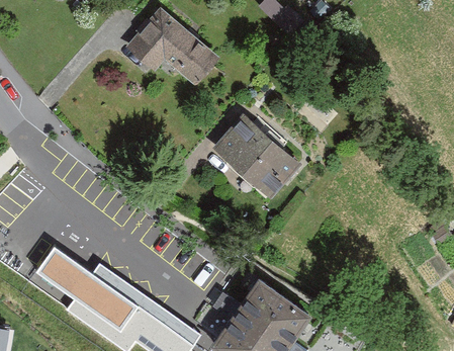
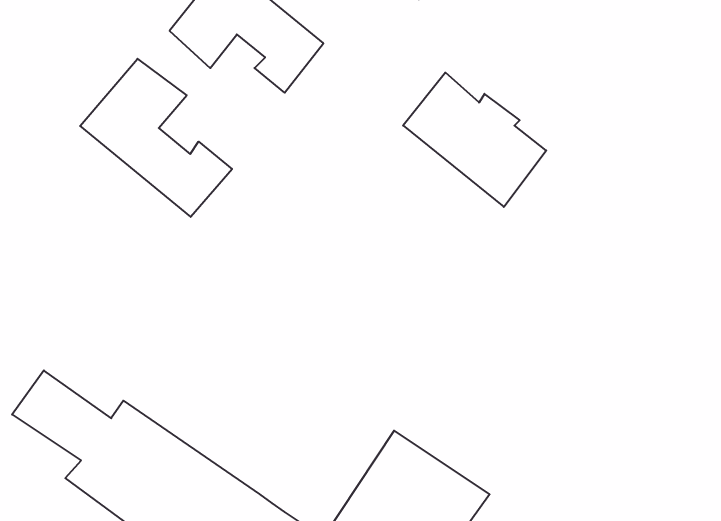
building: none -> [80,59,232,217]
building: [210,123,292,200] -> [403,73,546,207]

